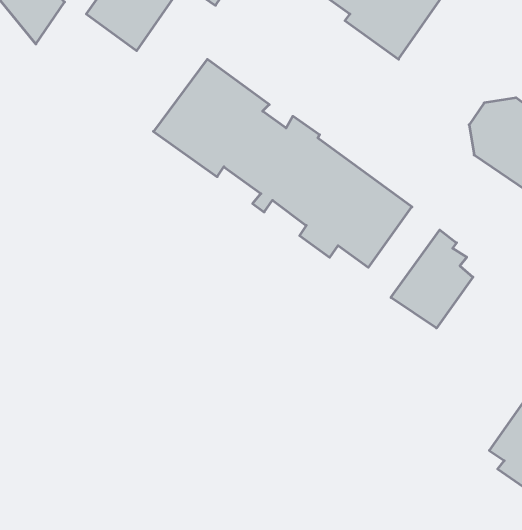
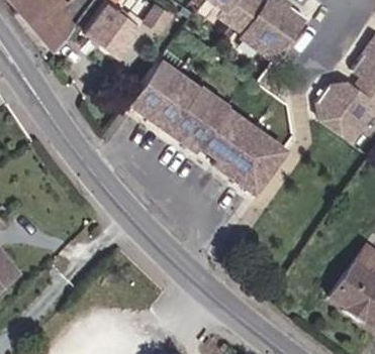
building: [391,230,473,328] -> none

